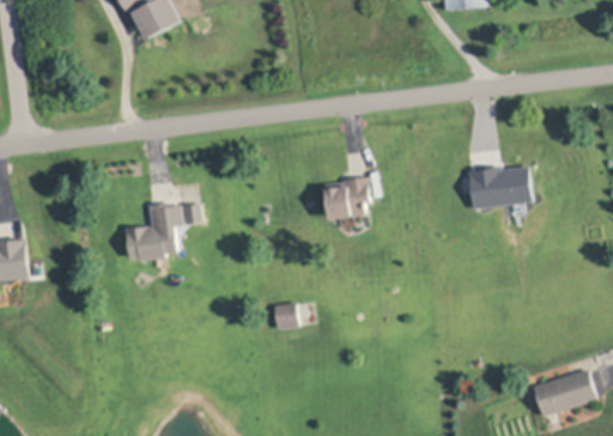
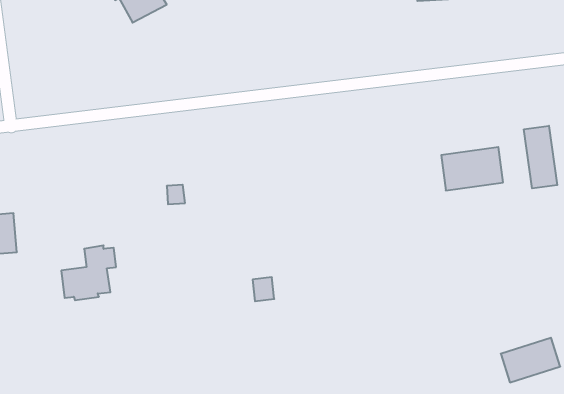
building: none -> [524,126,557,188]
building: [323,178,368,216] -> none
building: [123,201,181,259] -> [61,245,116,300]

